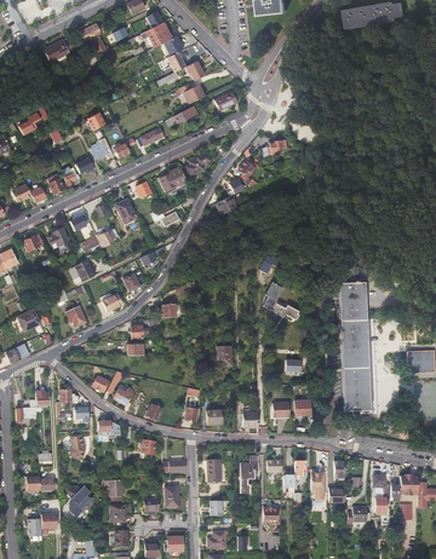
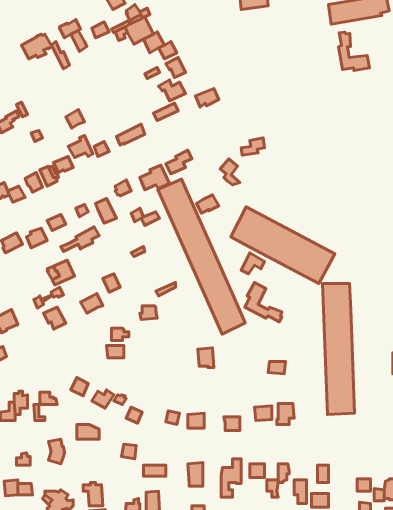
building: none -> [338,32,370,71]
building: none -> [158,179,245,334]
building: none -> [231,207,335,283]

